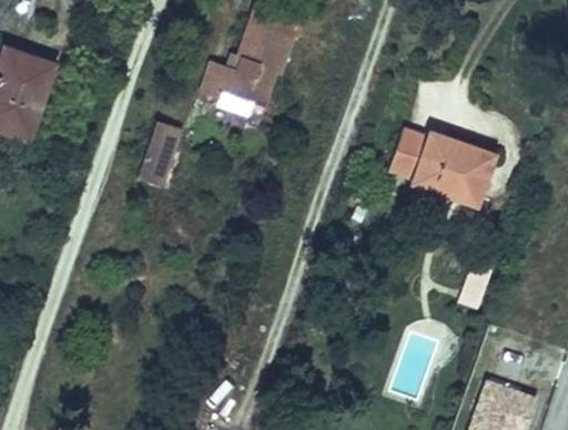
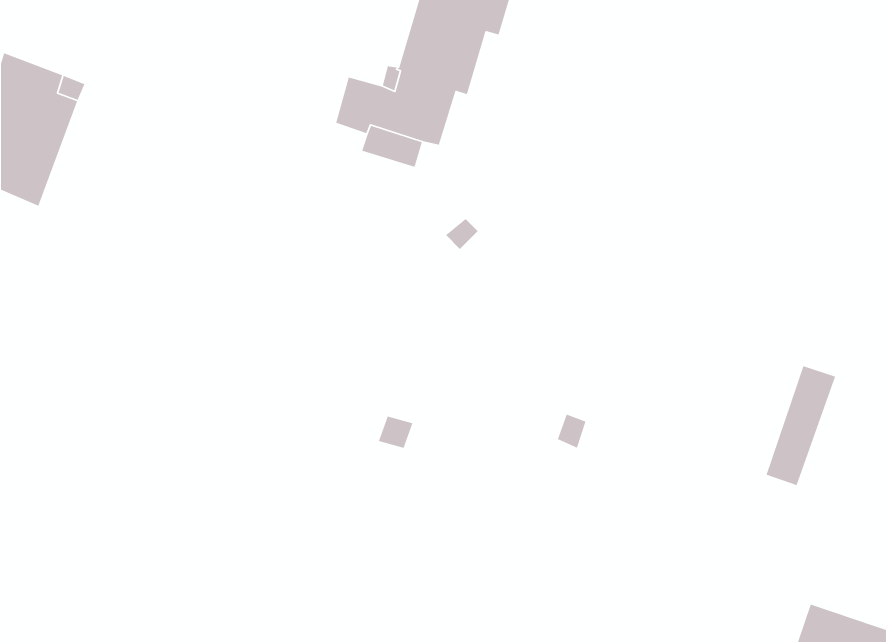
building: [138,124,181,185] -> none
building: [389,132,493,204] -> none

